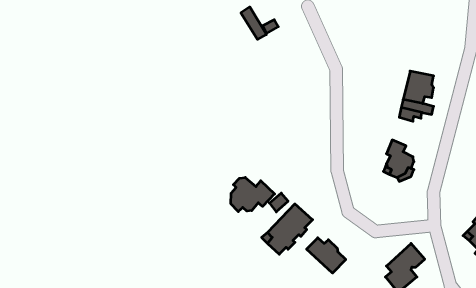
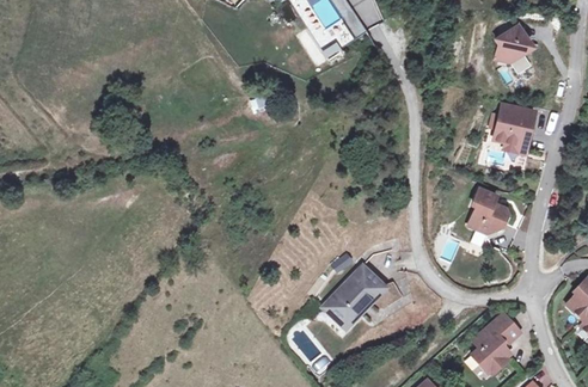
building: none -> [495,25,529,62]
building: [231,177,275,212] -> none
building: [307,238,346,273] -> none

